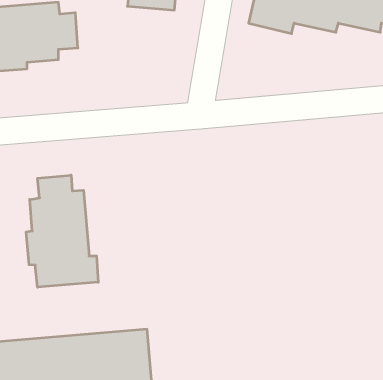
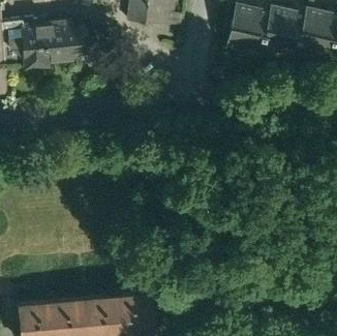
building: [26,175,98,287] -> none

